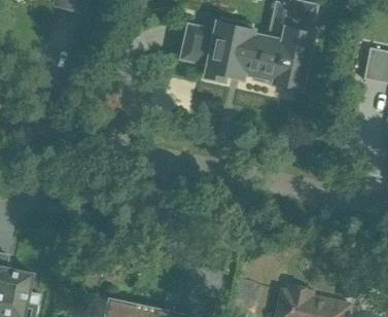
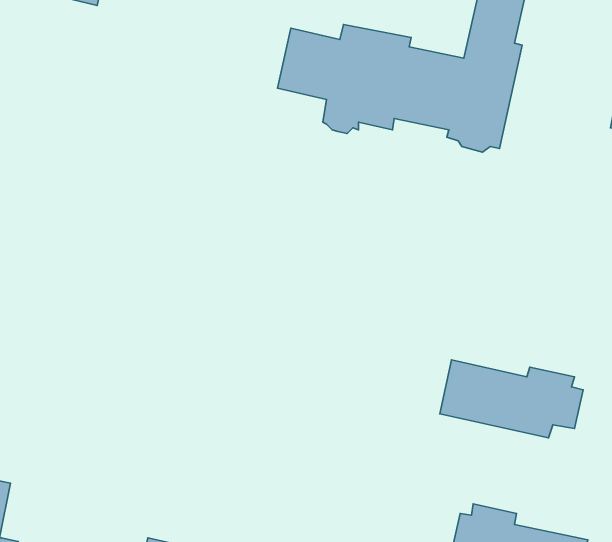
building: none -> [440,360,583,438]

